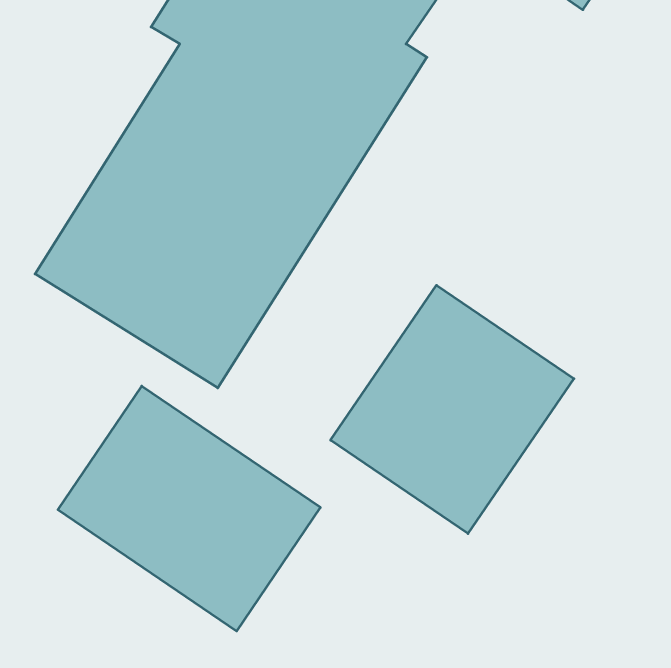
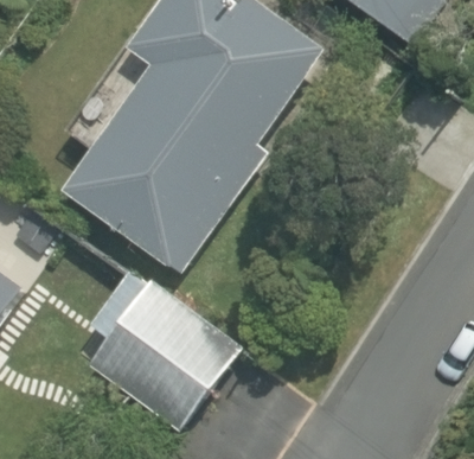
building: [331,285,574,534] -> none

